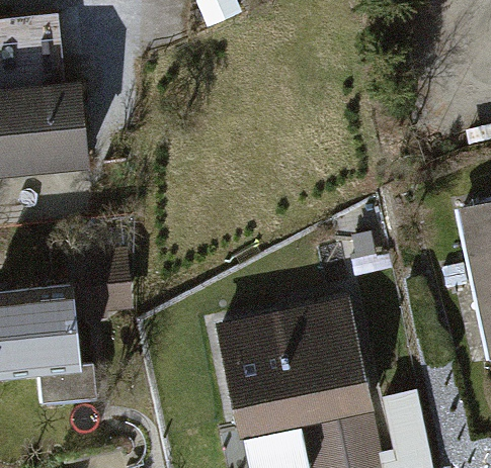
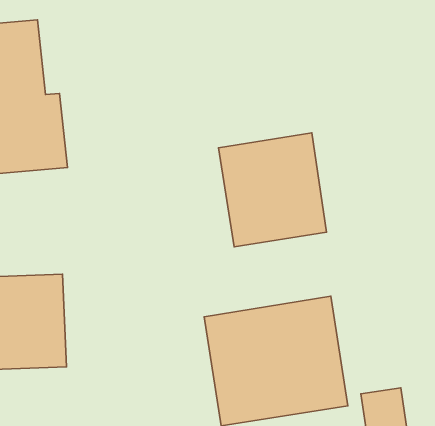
building: none -> [219,133,327,247]

